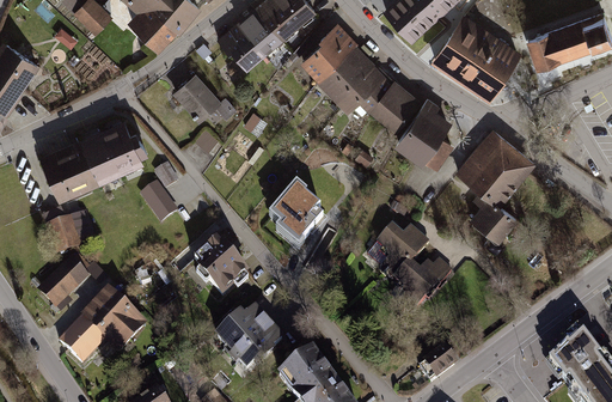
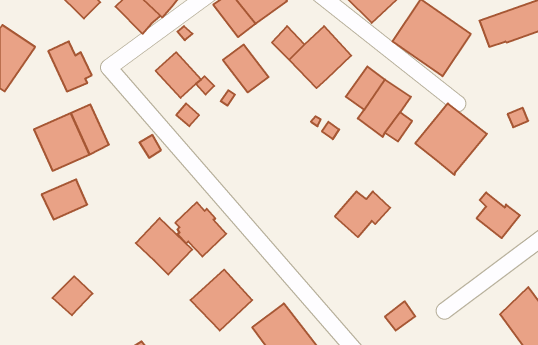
building: [213,19,263,72] -> [223,45,269,92]
building: [317,23,357,63] -> none
building: [361,75,405,121] -> none
building: [100,118,148,173] -> [48,41,92,91]
building: [140,181,178,223] -> none
building: [269,183,325,248] -> none
building: [470,190,518,240] -> [477,192,520,238]
building: [393,257,453,309] -> none
building: [38,260,87,309] -> none
building: [82,291,145,353] -> [136,218,192,275]

